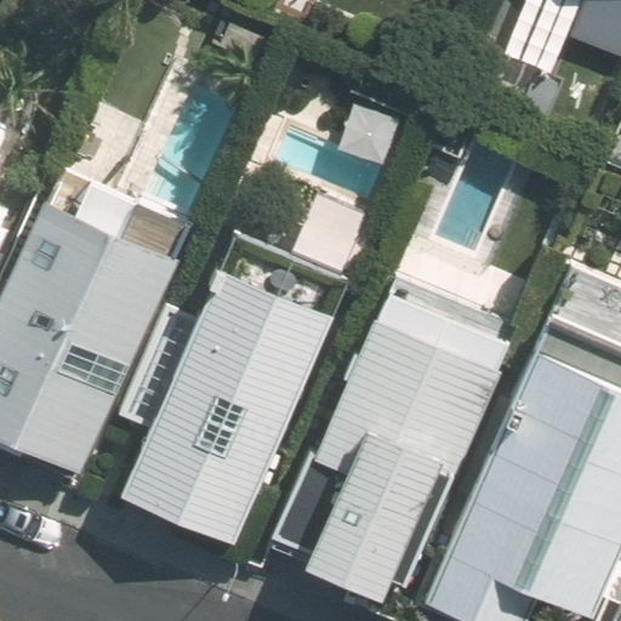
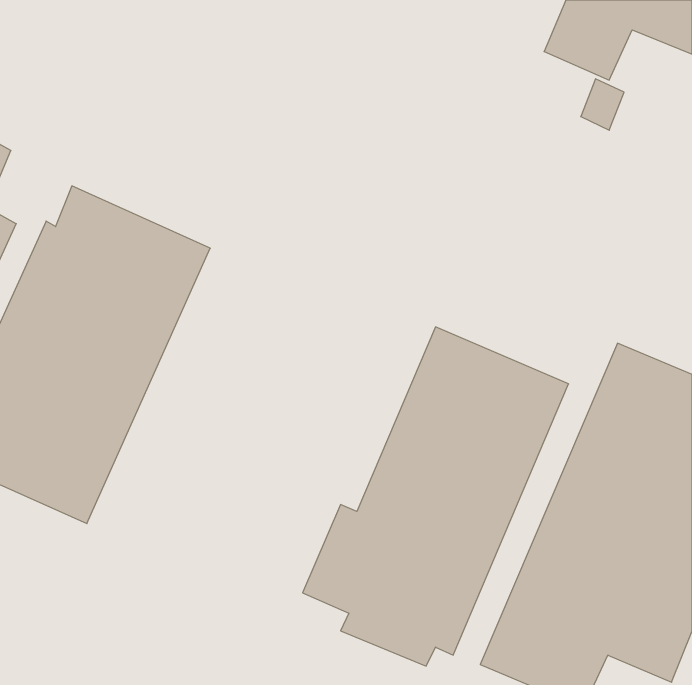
building: [123,264,337,523] -> none

